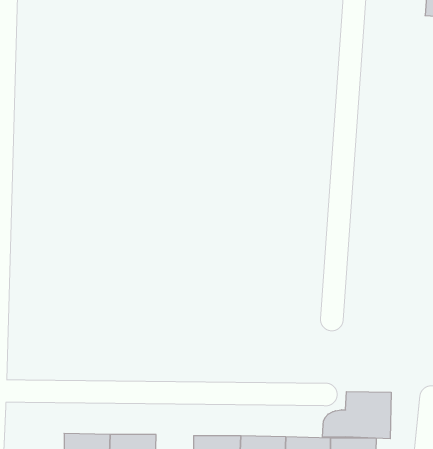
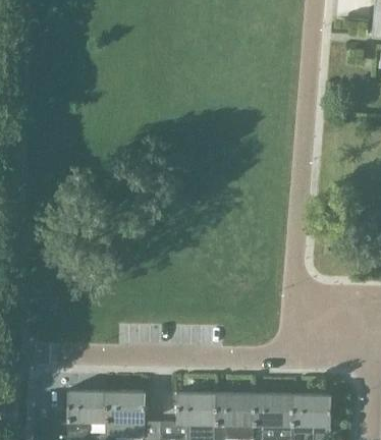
building: [323,392,391,439] -> none

